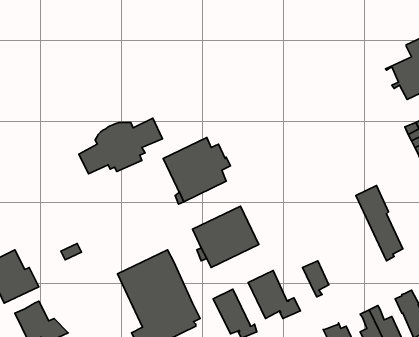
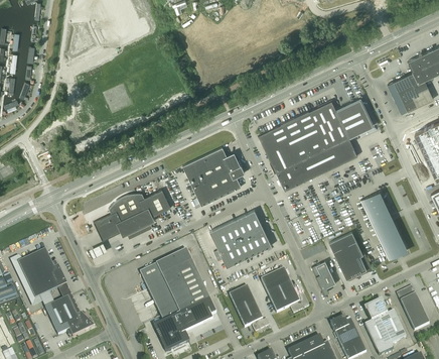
building: none -> [259,99,374,191]
building: [79,118,163,174] -> [95,189,172,240]
building: none -> [330,231,374,278]

